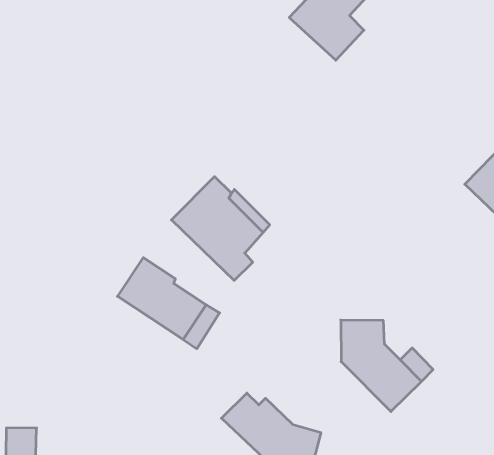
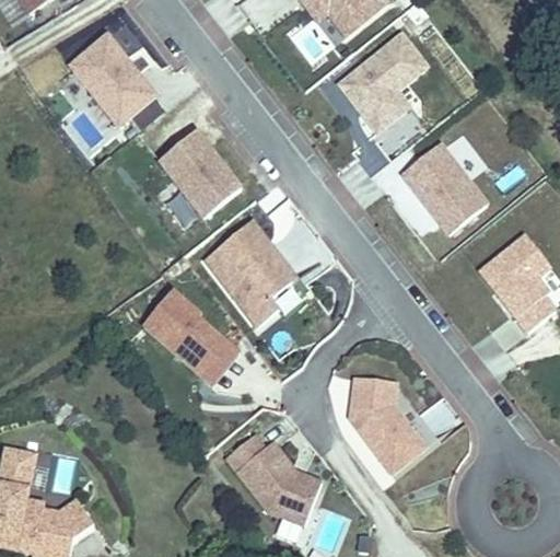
building: none -> [67,34,152,124]
building: none -> [409,139,494,229]
building: none -> [155,129,237,216]

